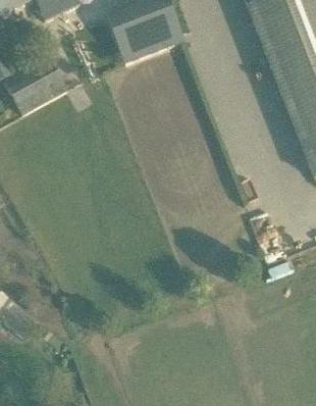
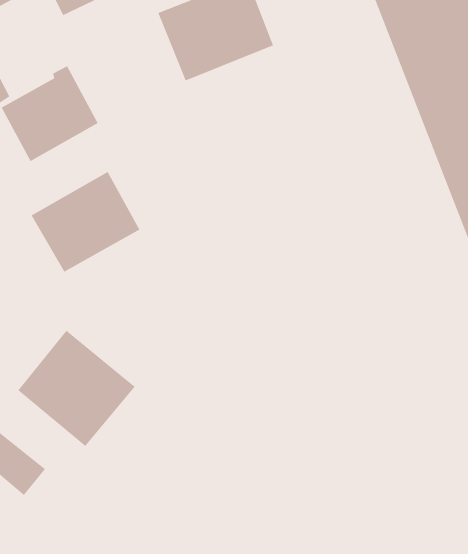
building: none -> [31,171,140,272]
building: none -> [18,330,136,447]

